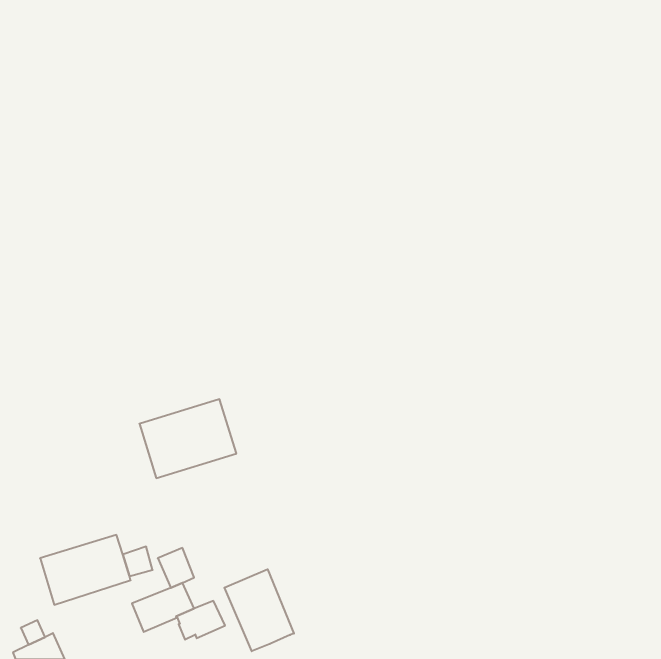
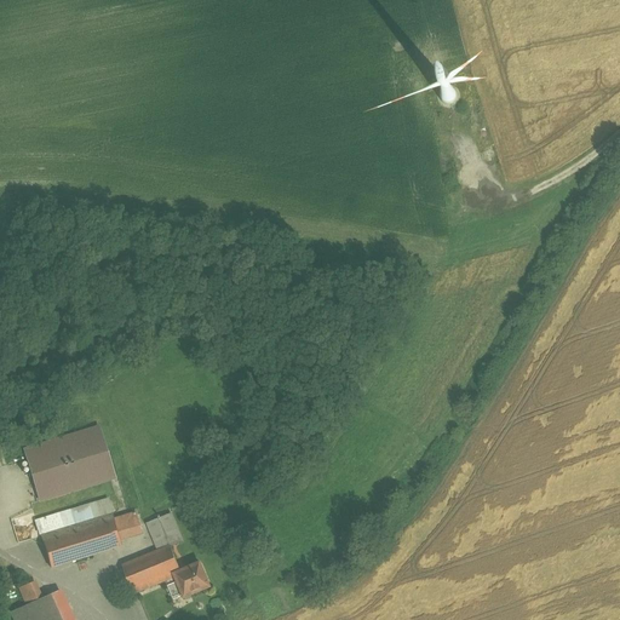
building: [139,399,236,478] -> [24,426,115,500]
building: [224,569,294,651] -> none

